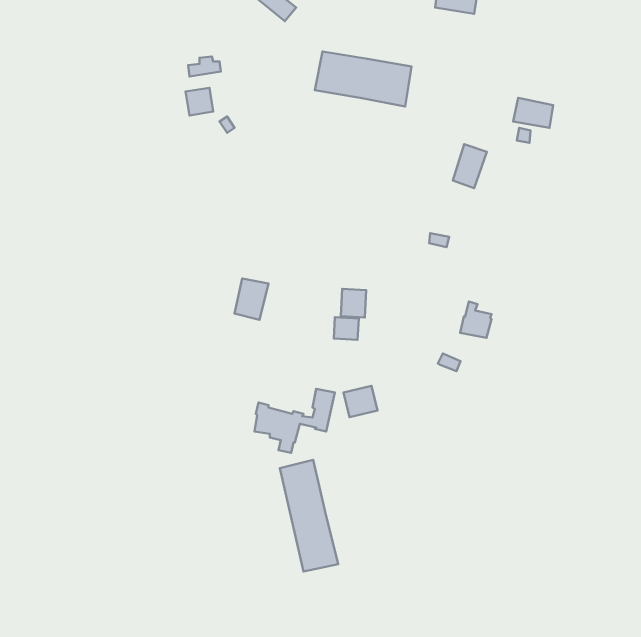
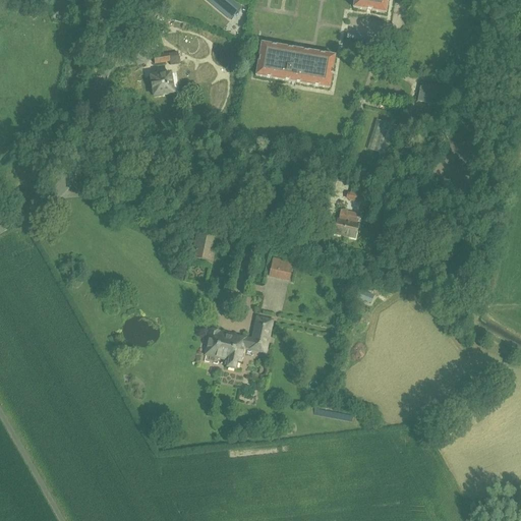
building: [341,289,366,317] -> none
building: [460,302,491,338] -> [333,207,358,236]
building: [343,386,377,417] -> none
building: [280,460,338,571] -> none

